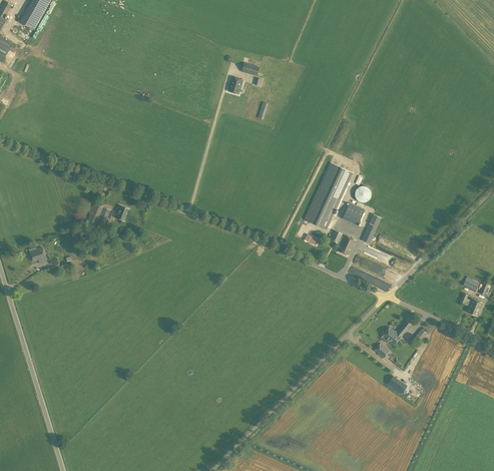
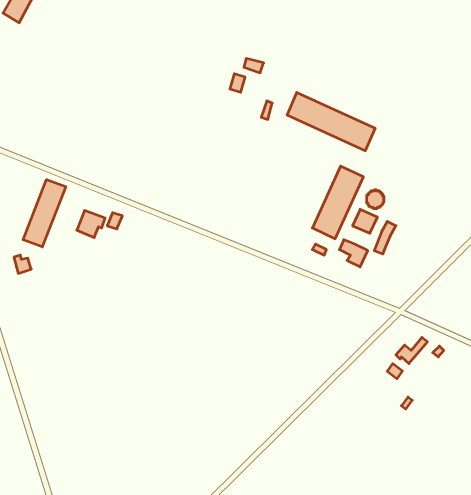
building: none -> [287,92,375,151]
building: none -> [23,180,66,247]

